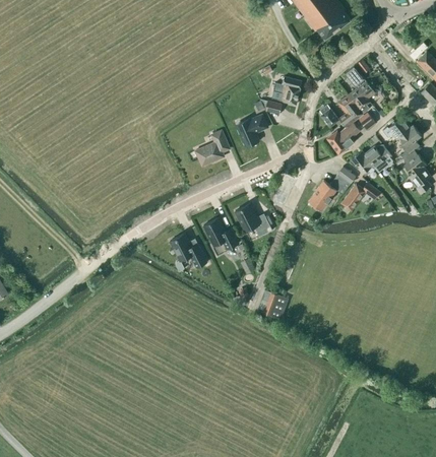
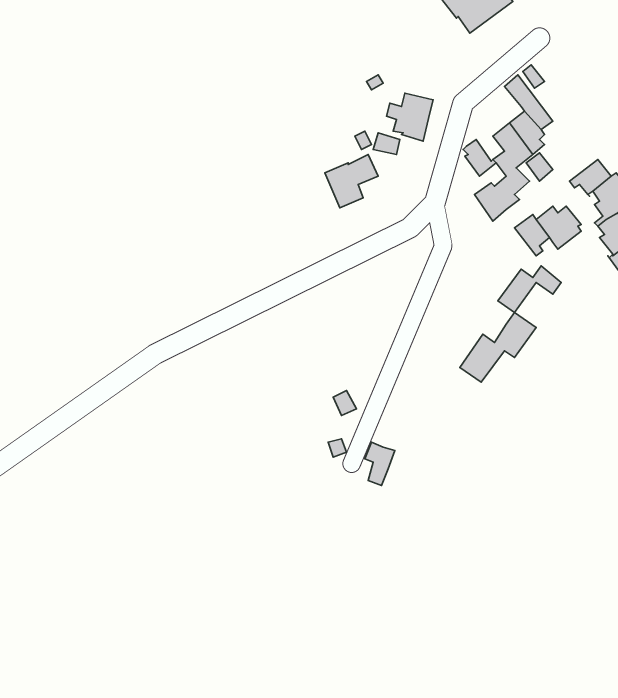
building: [195,130,229,166] -> none
building: [309,167,356,209] -> [460,312,536,382]
building: [235,203,272,237] -> none
building: [203,218,239,249] -> none
building: [170,234,207,267] -> none

